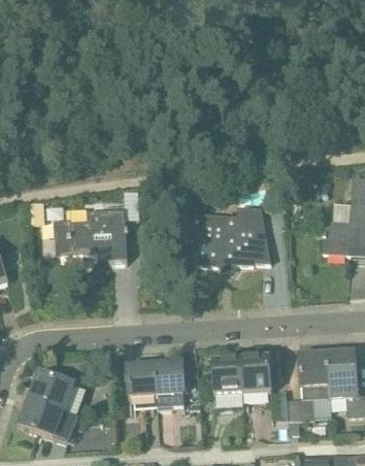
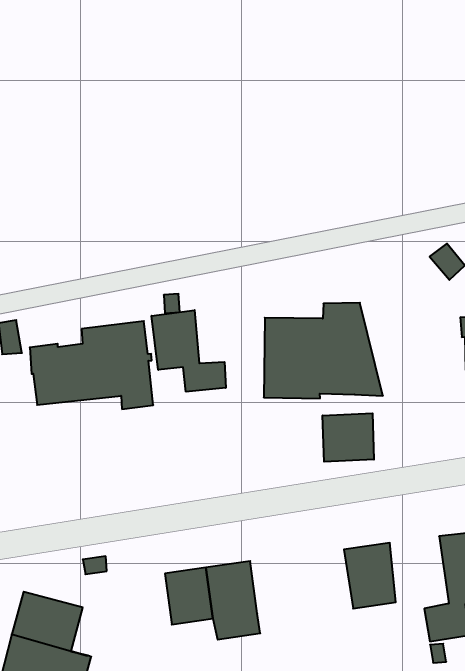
building: none -> [152,310,226,392]
building: none -> [323,413,374,462]
building: [212,360,243,407] -> none

